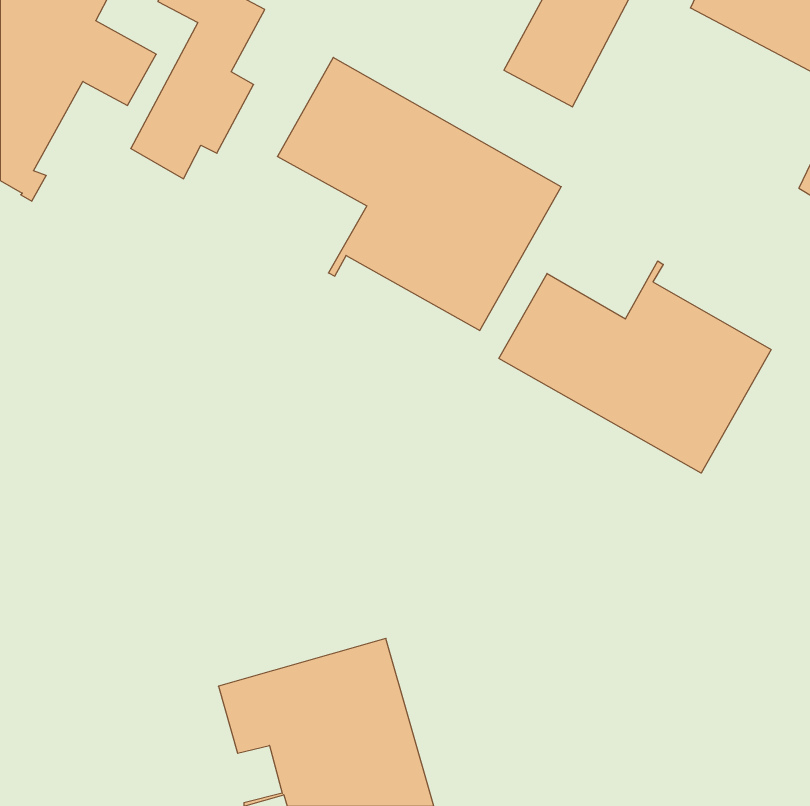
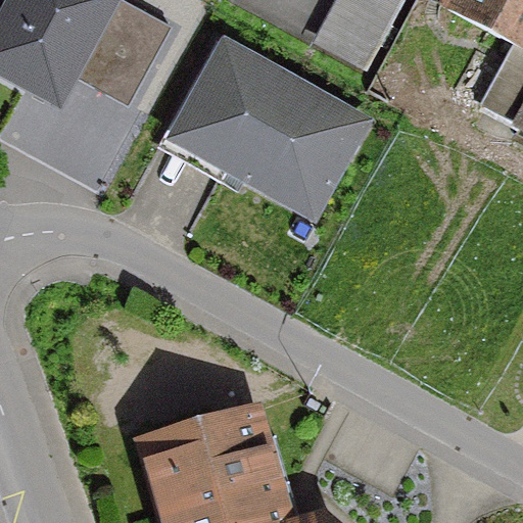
building: [499,261,771,473] -> none

